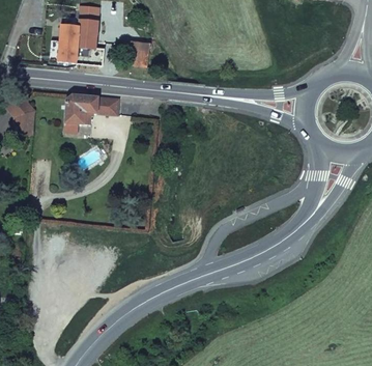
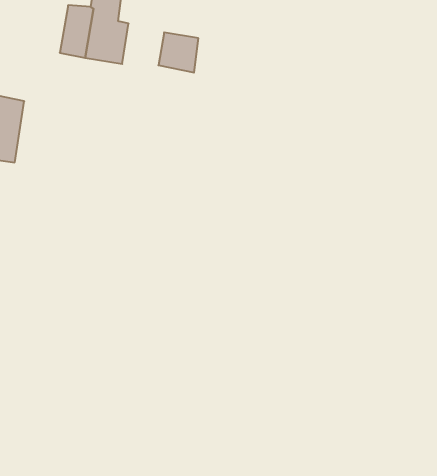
building: [63,91,120,123] -> none

